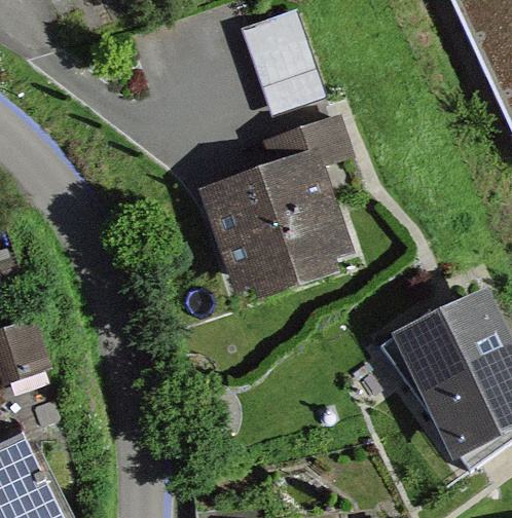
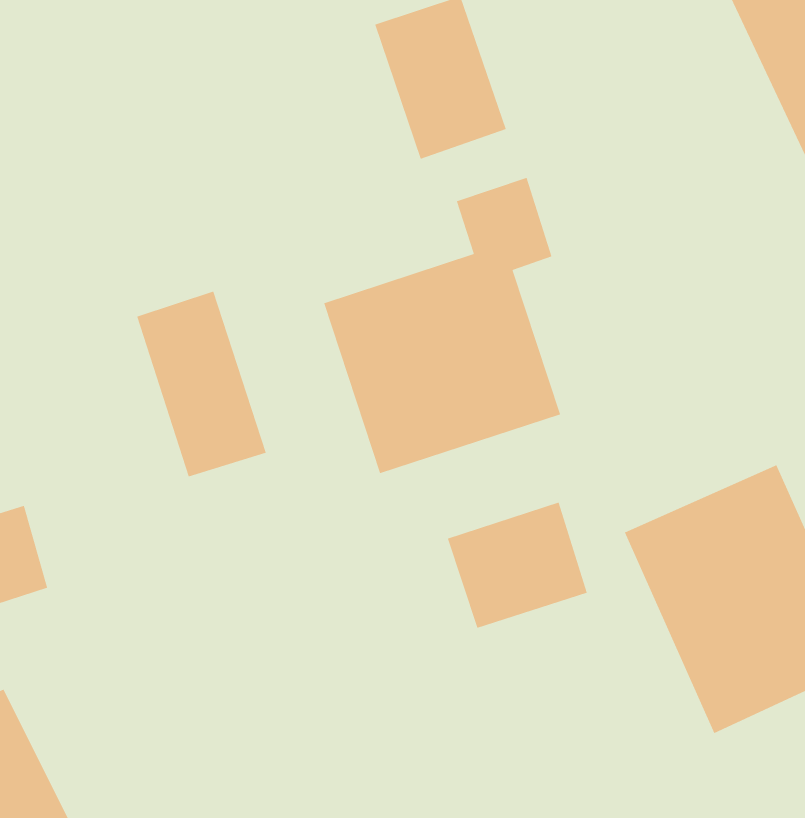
building: none -> [136,291,267,477]
building: none -> [447,501,588,629]

